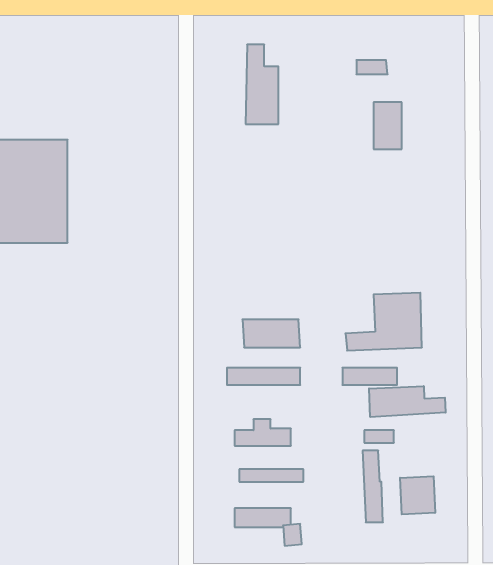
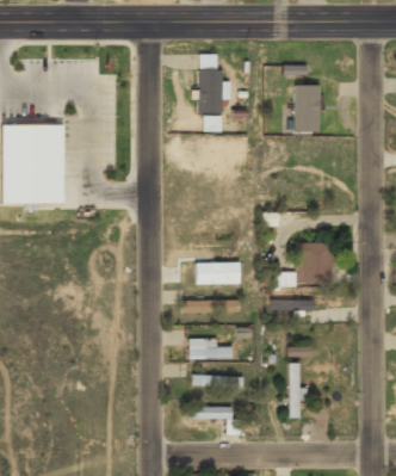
building: [369,386,446,417] -> none
building: [400,476,435,514] -> none

